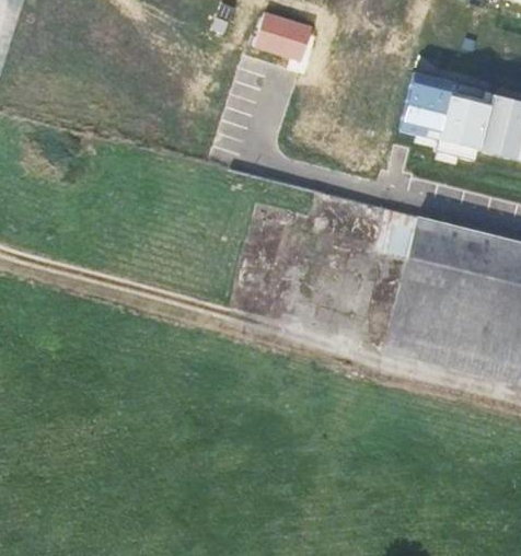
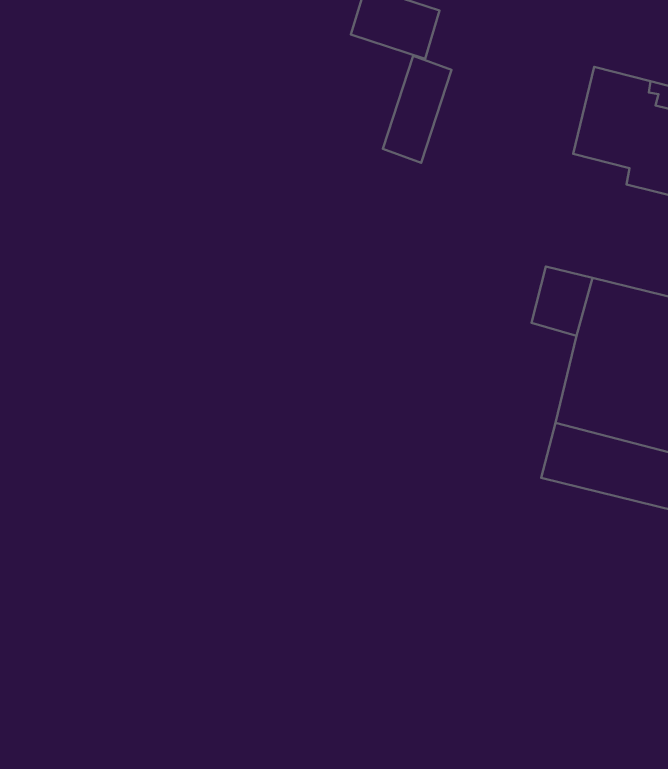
building: none -> [383,56,451,163]

